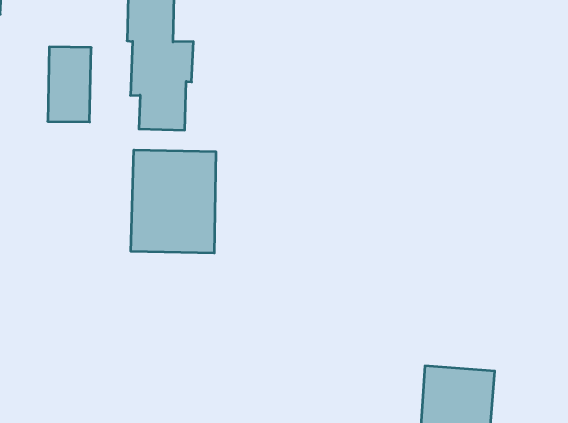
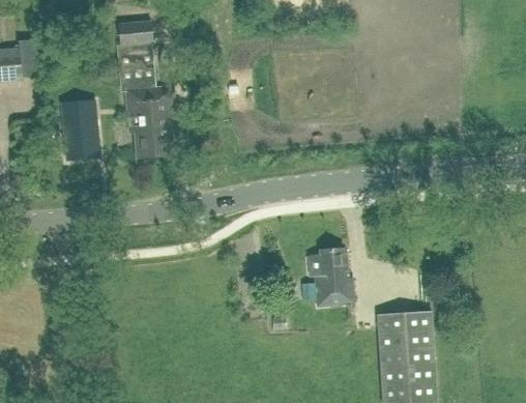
building: [131,150,216,253] -> none
building: none -> [309,247,354,304]

